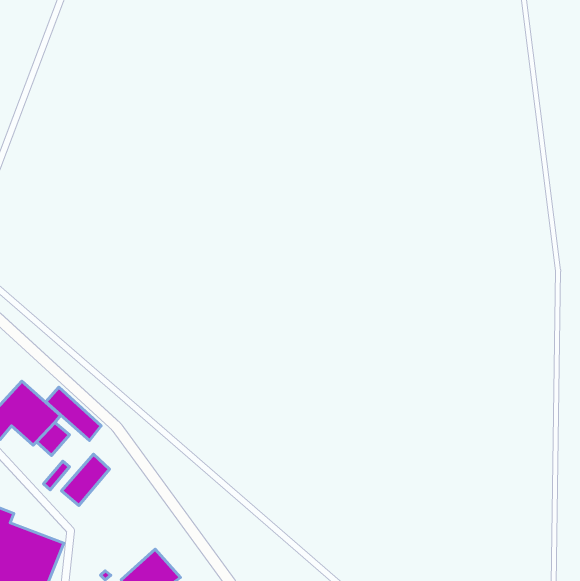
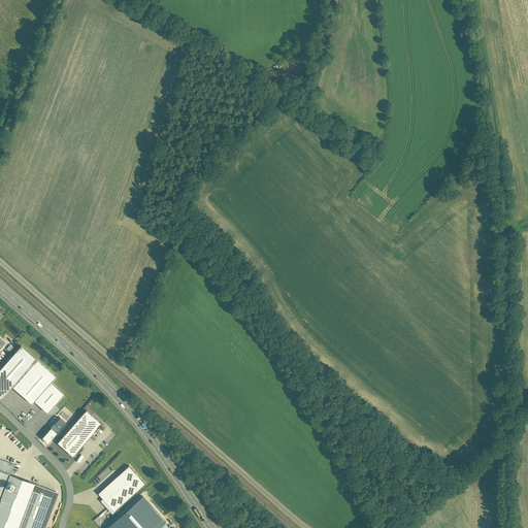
building: [46,387,101,440] -> none
building: none -> [97,466,143,512]

